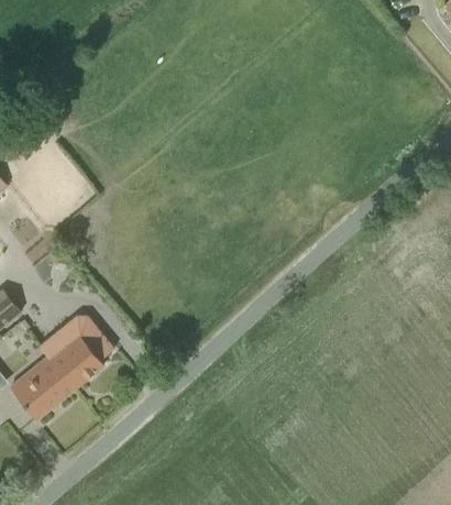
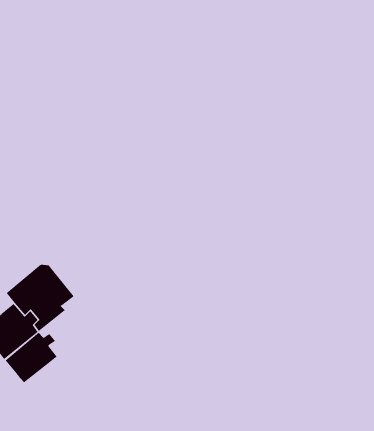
building: none -> [5,332,58,383]

